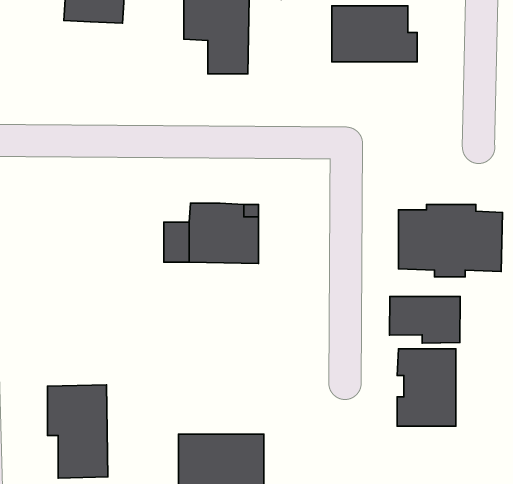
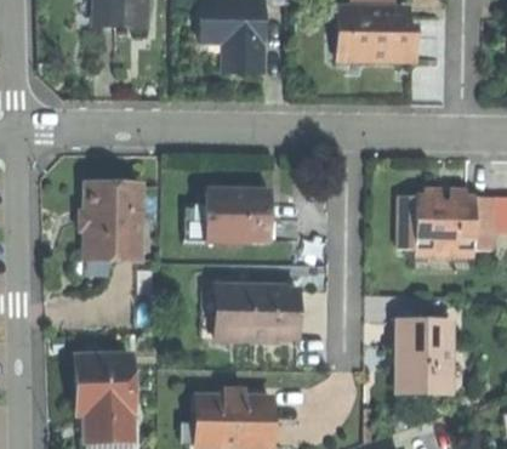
building: none -> [86,183,139,257]
building: [389,296,460,343] -> none
building: none -> [213,285,298,340]

